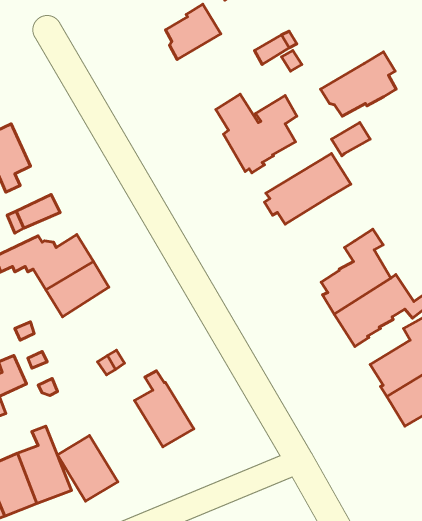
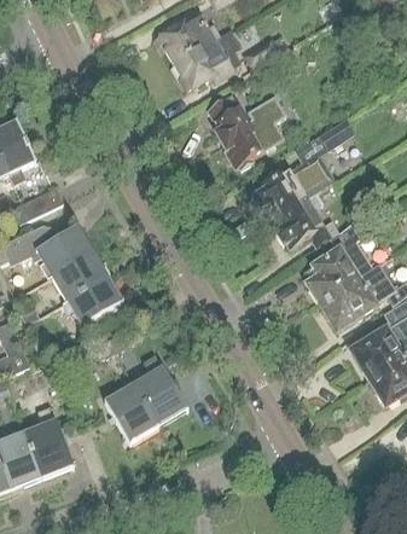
building: [320,52,396,116] -> [171,27,243,87]
building: none -> [273,191,338,246]
building: none -> [64,275,123,327]
building: [57,436,118,501] -> [101,382,158,443]

